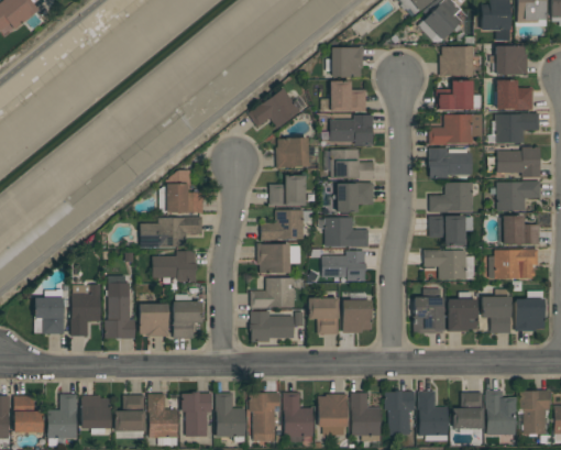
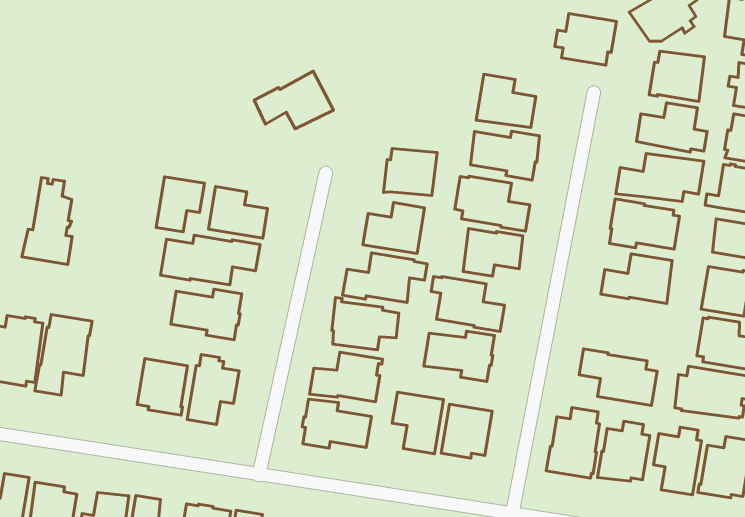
building: [326,47,363,77] -> [555,13,616,65]
building: [248,88,300,128] -> [254,71,334,129]
building: none -> [156,177,204,232]
building: [429,216,474,246] -> none
building: [104,285,135,339] -> [22,177,72,264]

